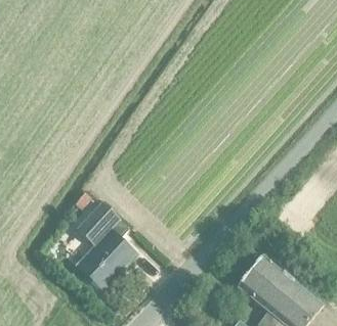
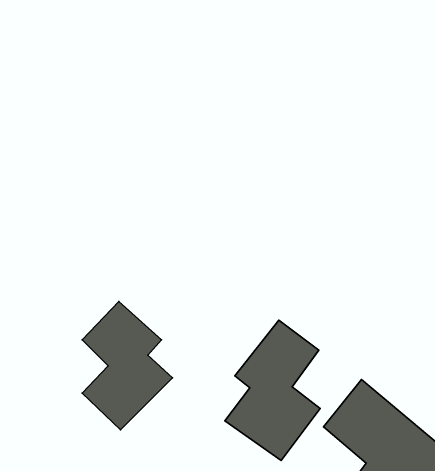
building: none -> [225,320,320,461]

